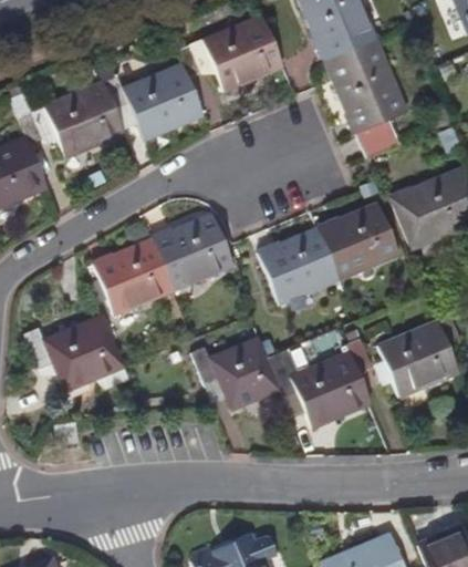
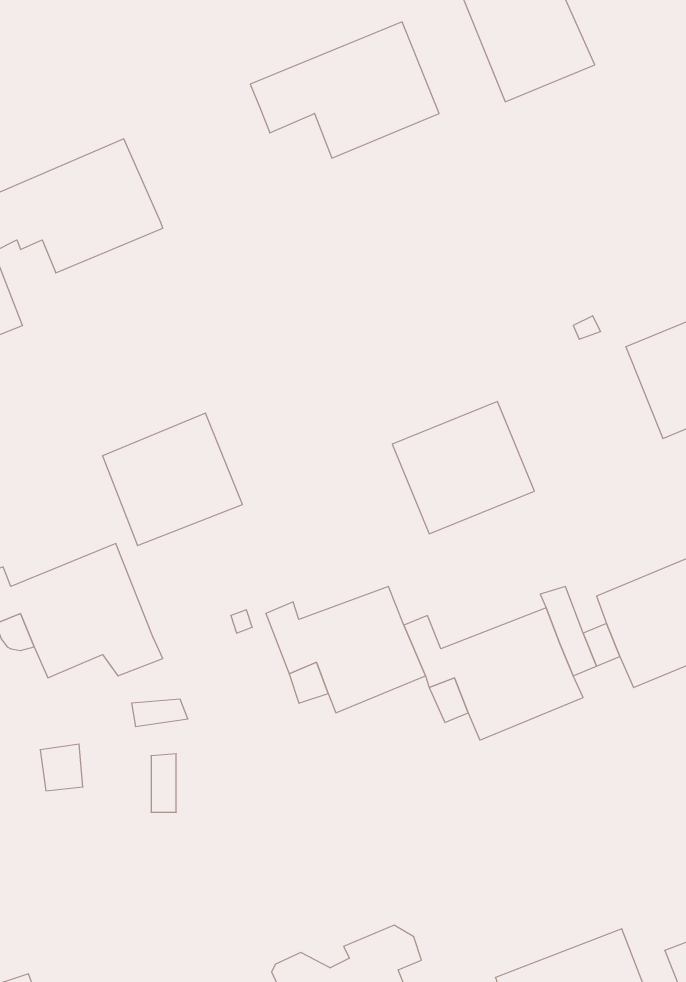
building: [324,40,405,159] -> none
building: [103,64,206,140] -> none
building: [320,208,398,282] -> none
building: [154,215,233,290] -> none

